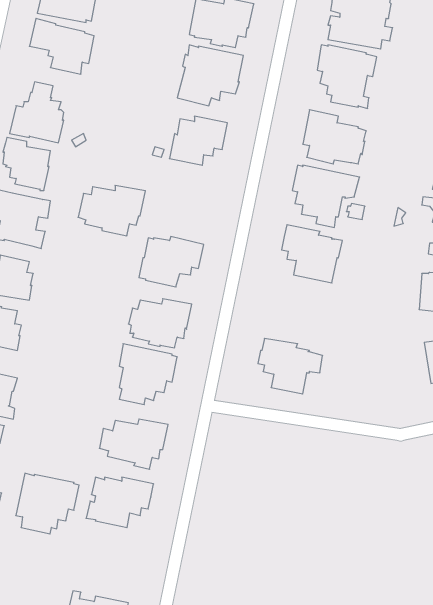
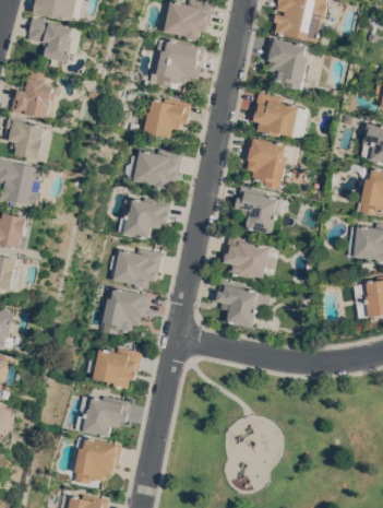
building: [78,185,145,236] -> [127,149,182,190]
building: none -> [224,234,277,277]
building: [16,473,79,534] -> [70,436,122,486]

